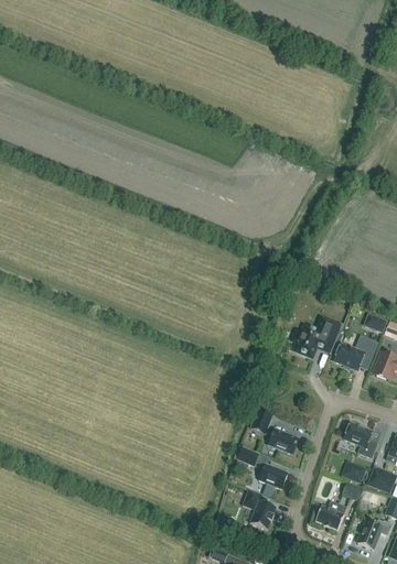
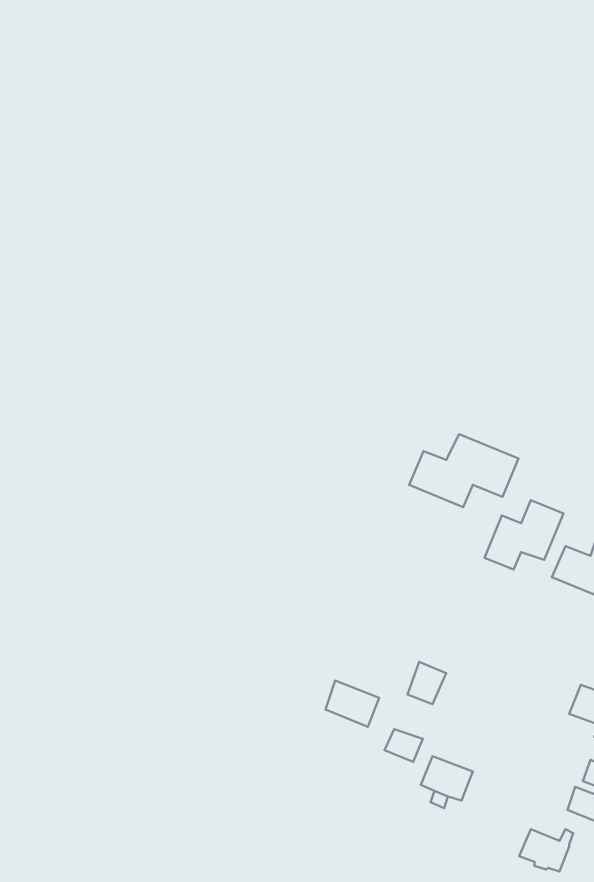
building: none -> [409,434,518,507]
building: [269,427,300,454] -> [325,681,379,727]
building: [243,489,277,529] -> none

